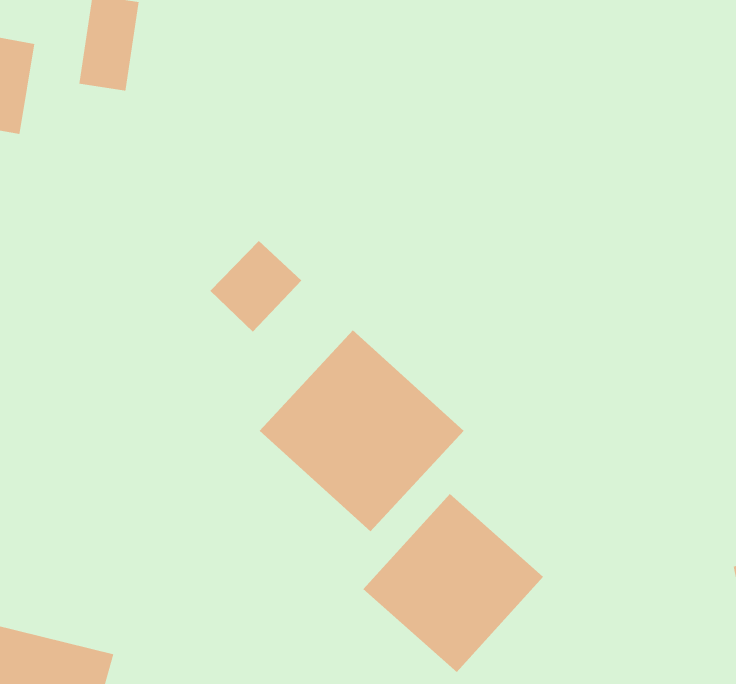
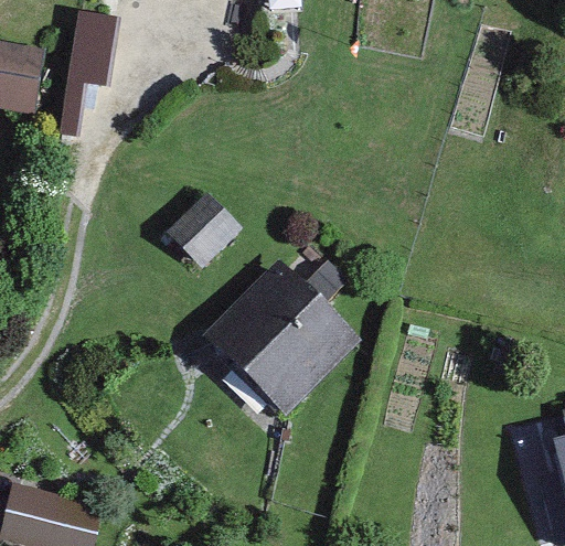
building: [363,493,544,673] -> none

